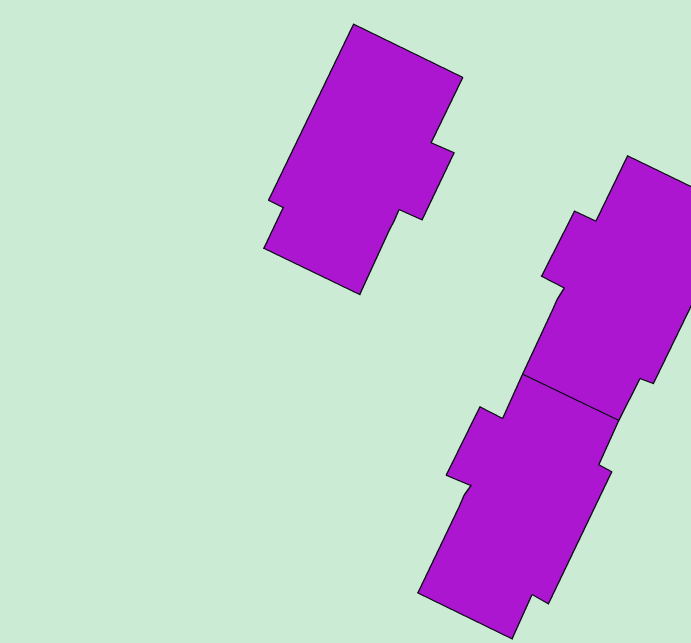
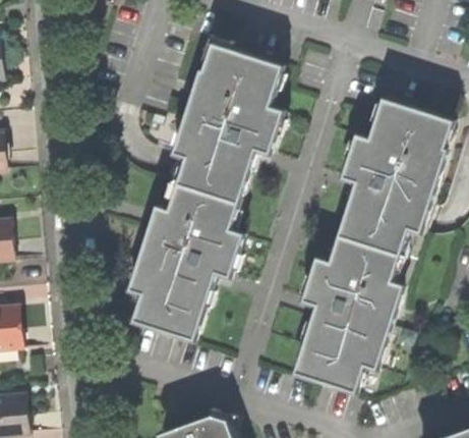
building: none -> [132,182,241,339]

